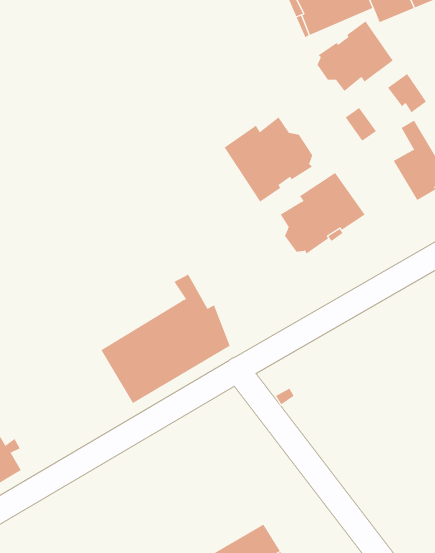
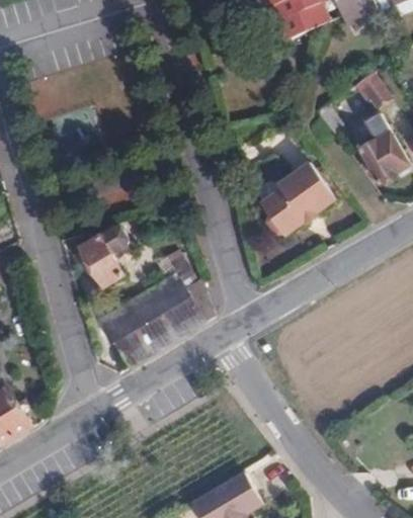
building: [317,21,393,92] -> none
building: [224,116,313,203] -> none
building: none -> [60,228,127,285]

